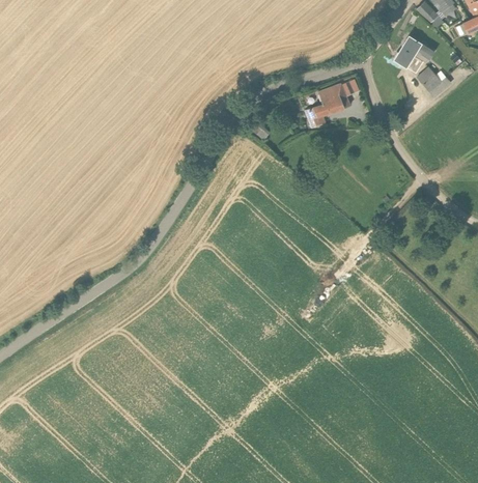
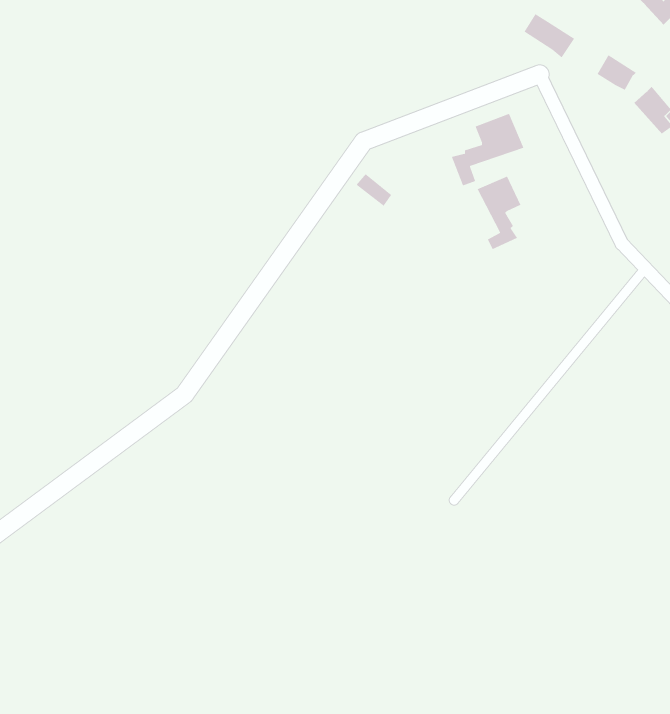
building: [402,35,434,63] -> [523,13,575,59]
building: none -> [477,176,522,250]

